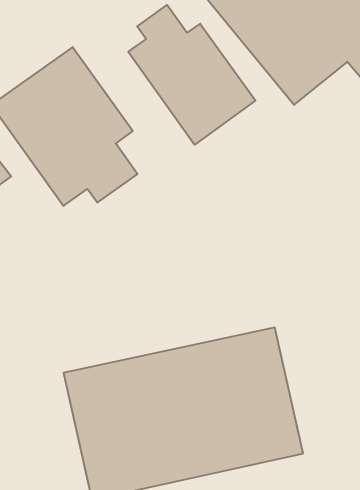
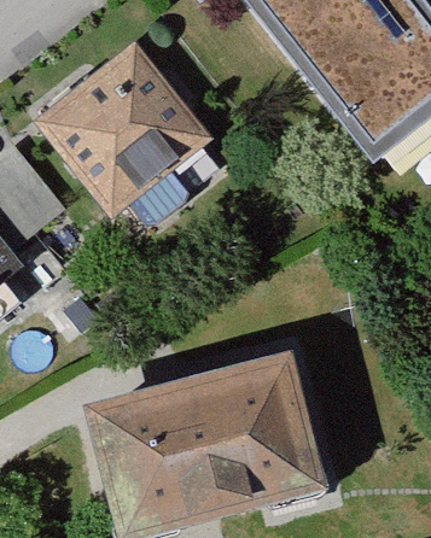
building: [128,5,255,145] -> none

